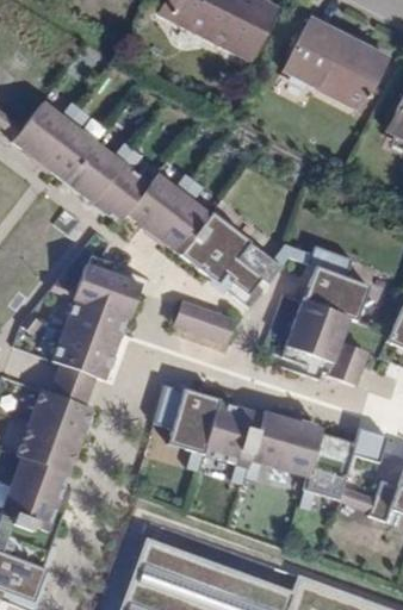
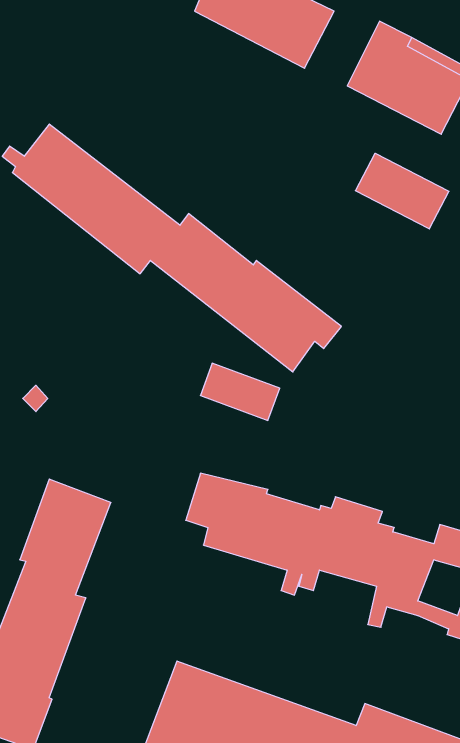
building: none -> [355,153,449,229]
building: [278,245,368,385] -> none
building: [52,254,144,380] -> none

